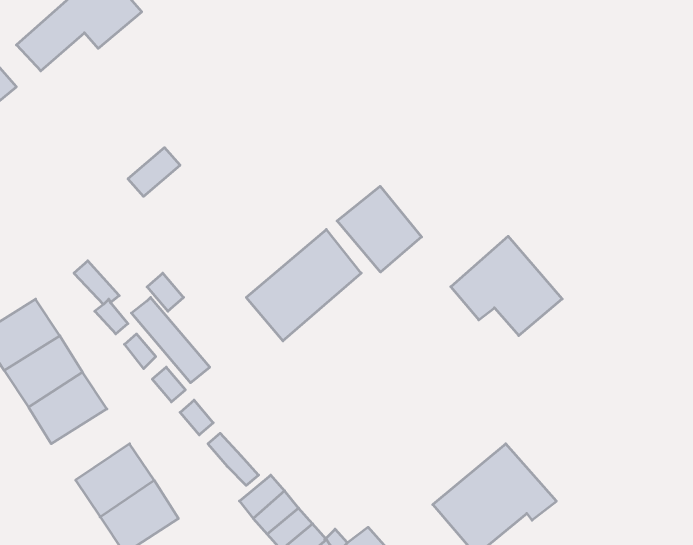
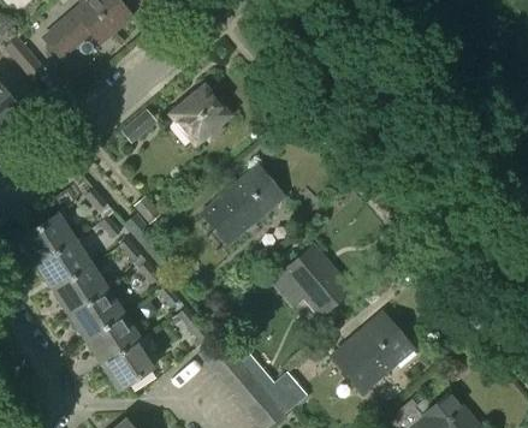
building: none -> [173,88,227,142]
building: [337,186,422,272] -> none
building: [451,236,562,336] -> [273,246,350,315]
building: none -> [69,290,123,339]

